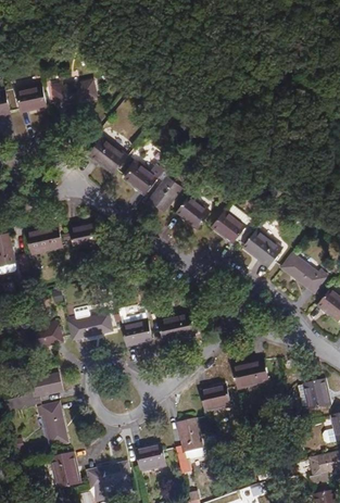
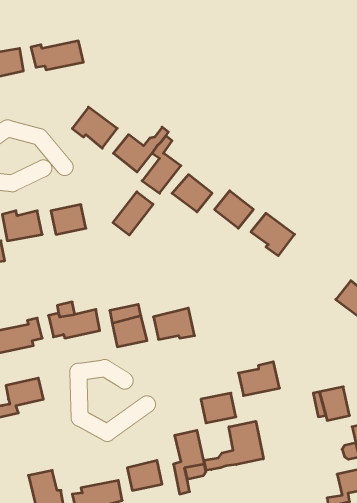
building: none -> [113,192,153,235]
building: [281,253,328,290] -> none
building: [37,403,68,448] -> none
building: none -> [204,421,263,470]

